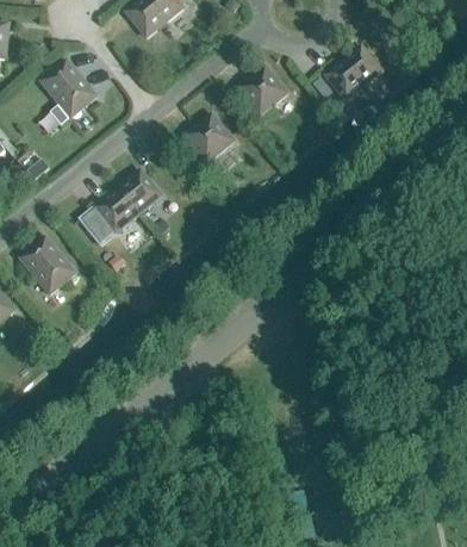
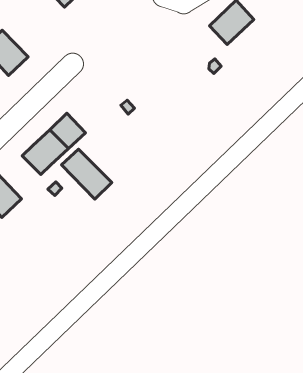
building: [238,67,287,116] -> none
building: [185,114,234,163] -> none
building: none -> [62,149,112,199]

